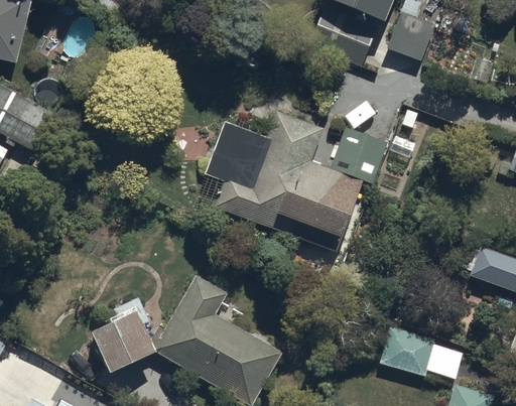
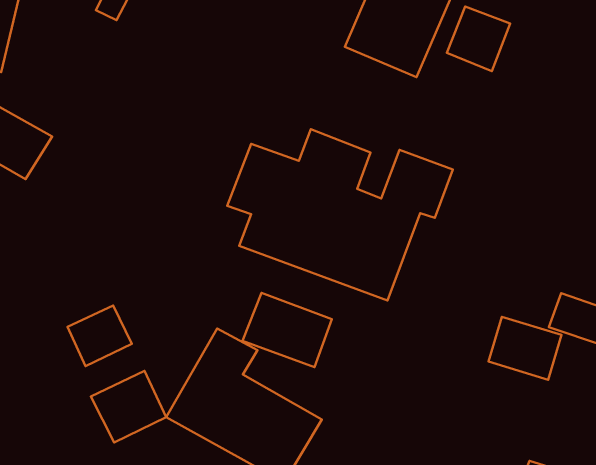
building: none -> [243,293,332,367]
building: none -> [68,306,132,366]
building: [378,324,438,377] -> [489,317,561,380]

